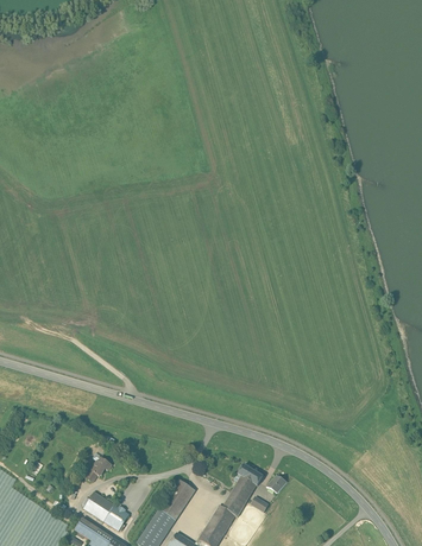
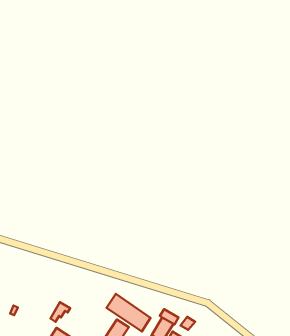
building: none -> [106,294,151,331]

